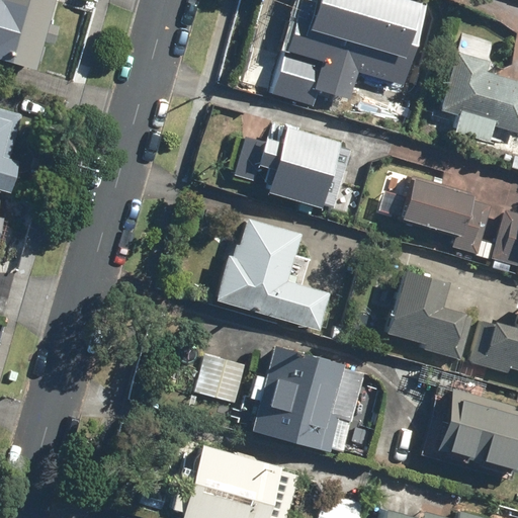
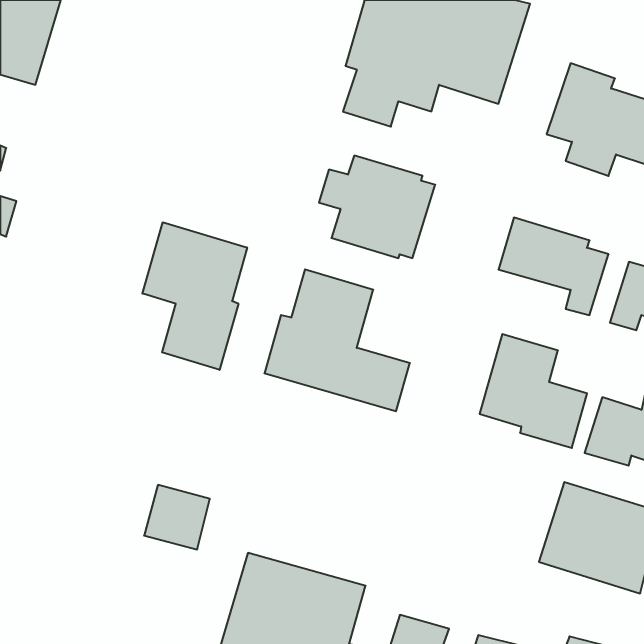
building: none -> [142,222,247,370]
building: [250,344,344,452] -> none
building: [191,353,244,405] -> [144,485,210,549]

